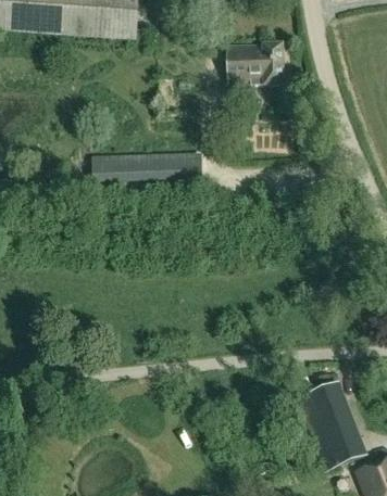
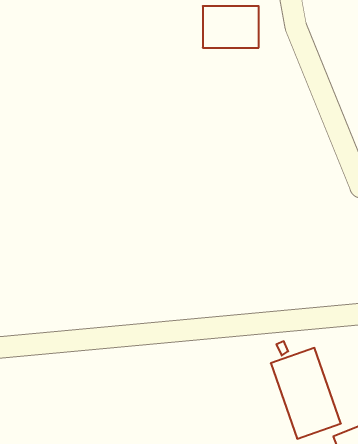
building: [95,155,202,181] -> none

